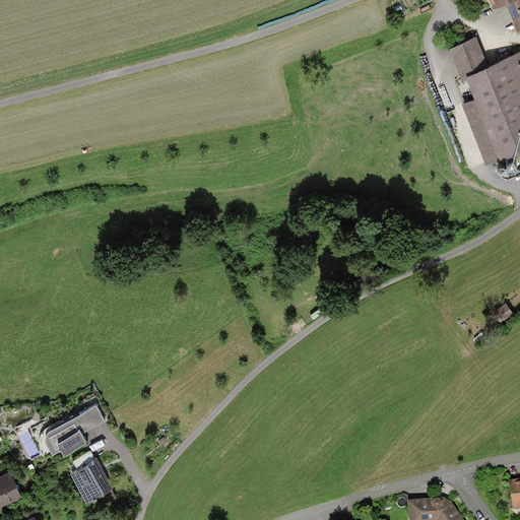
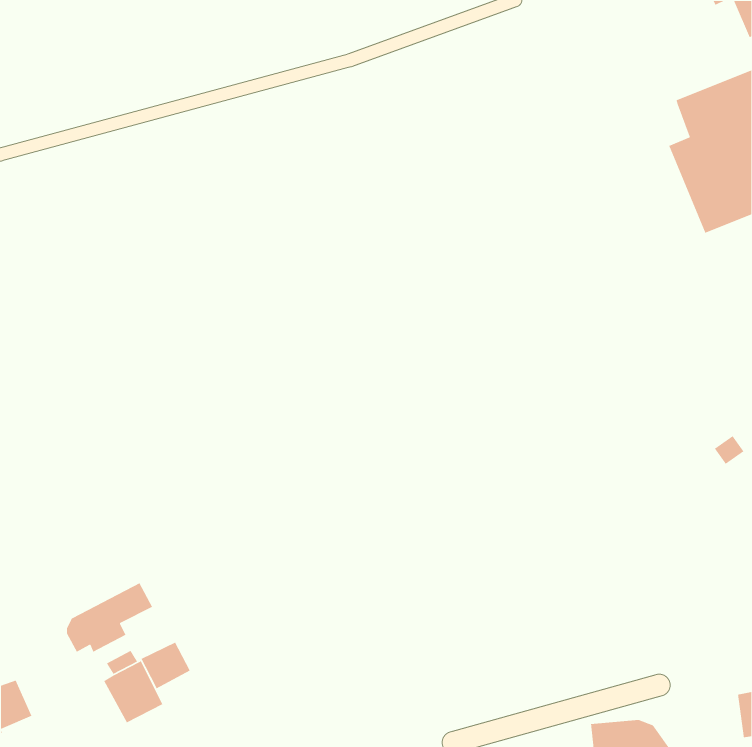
building: [450,37,486,77] -> none
building: none -> [141,641,191,690]

